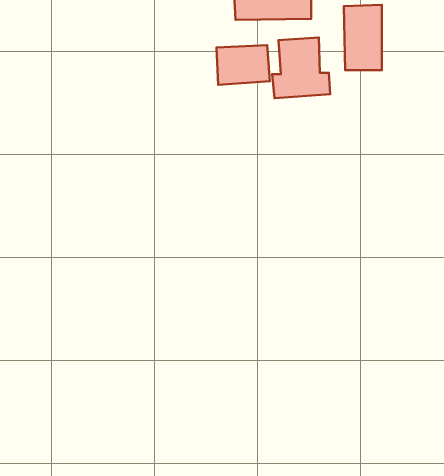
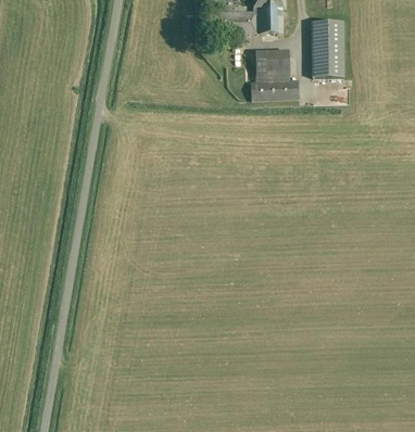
building: [217,45,270,85] -> none

